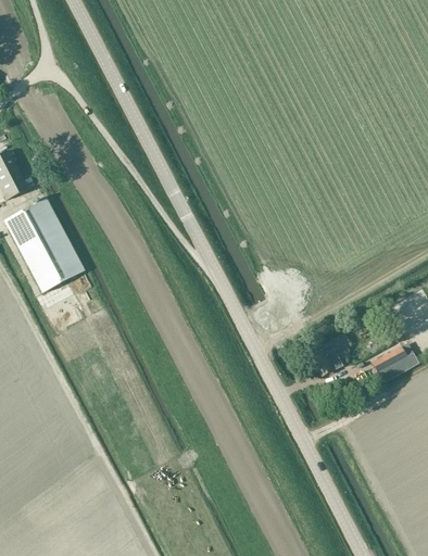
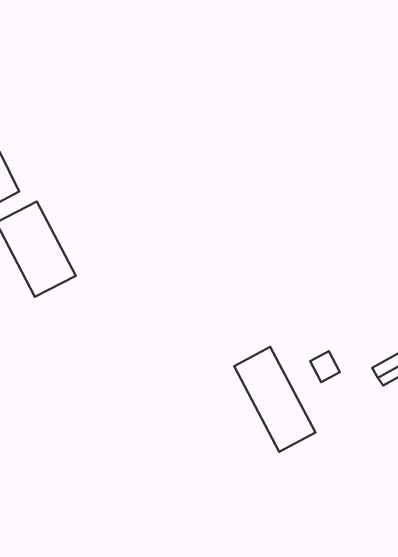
building: none -> [234,347,315,452]

